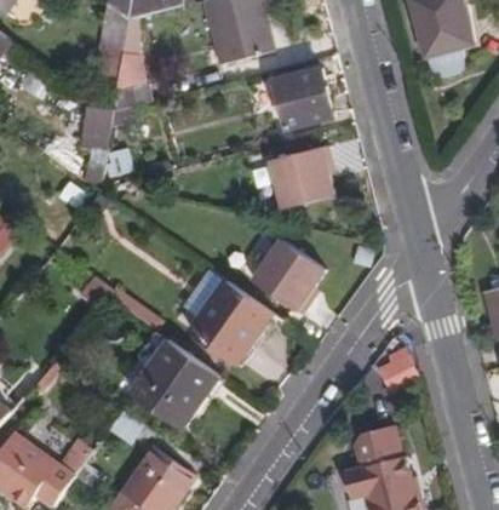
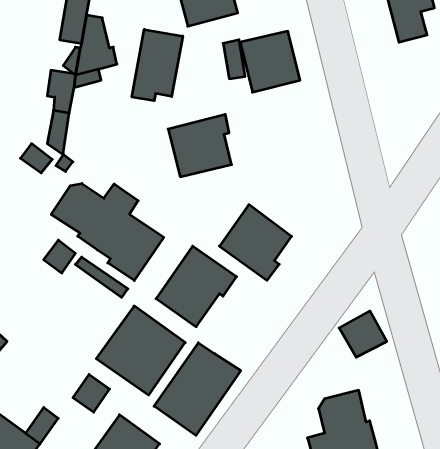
building: none -> [132,29,183,101]
building: [271,145,334,207] -> [168,114,232,177]
building: none -> [51,183,164,281]
building: none -> [154,343,241,435]

